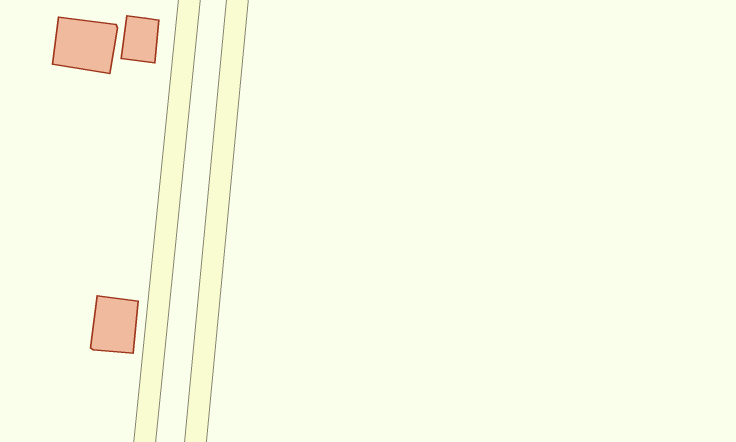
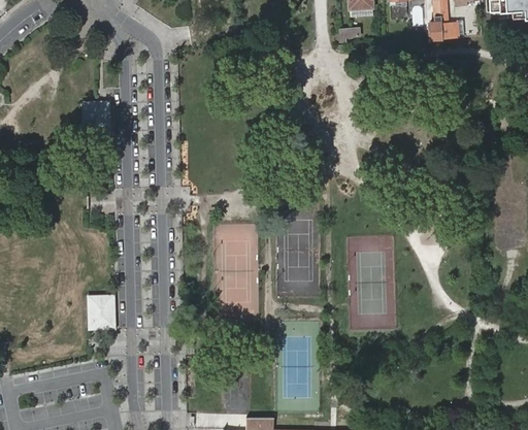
building: [52,17,117,73] -> none

